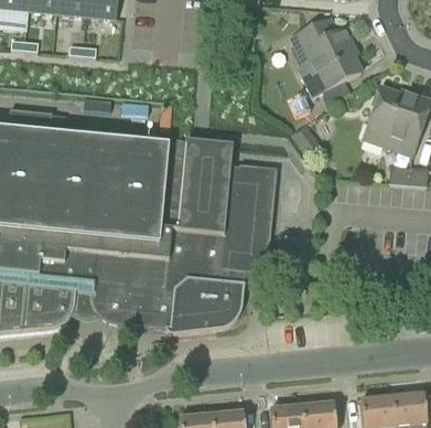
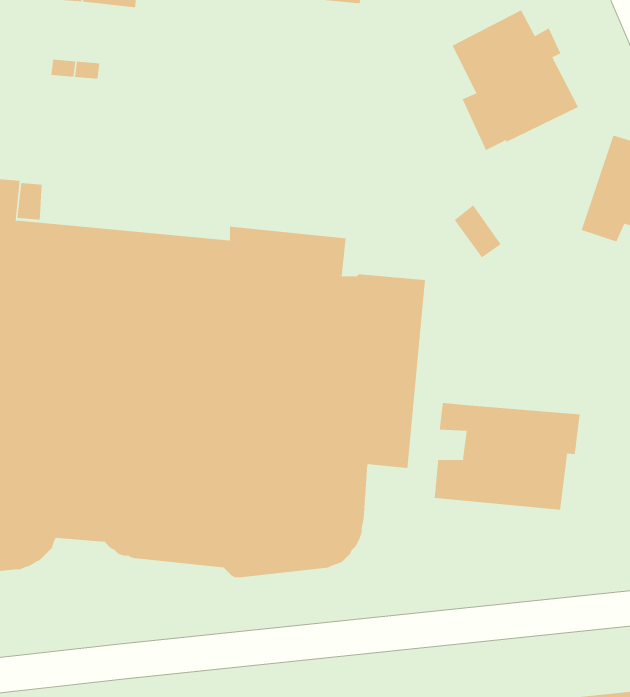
building: none -> [434,402,580,510]

